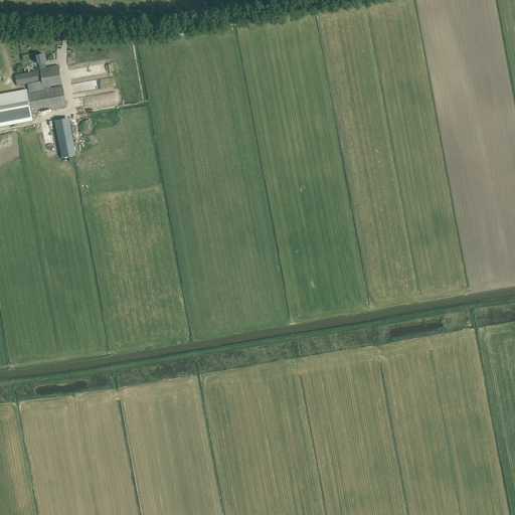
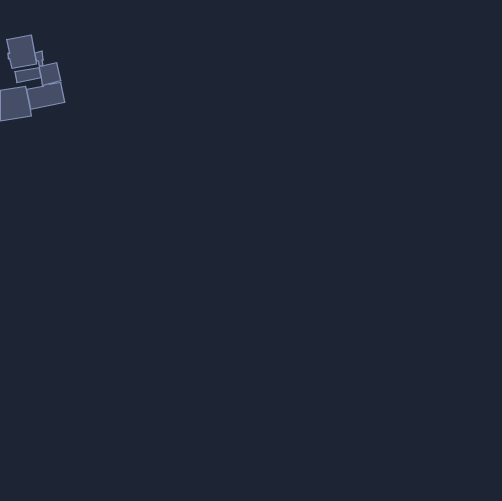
building: none -> [7,35,36,68]
building: [53,117,74,157] -> none

